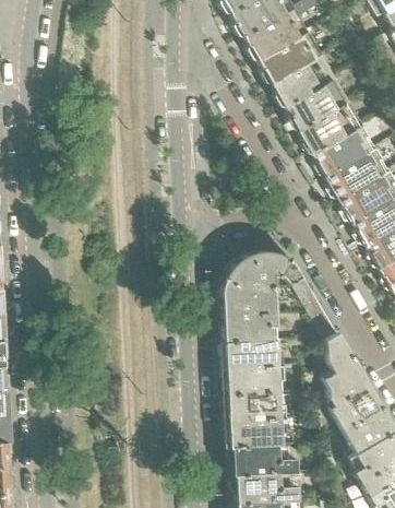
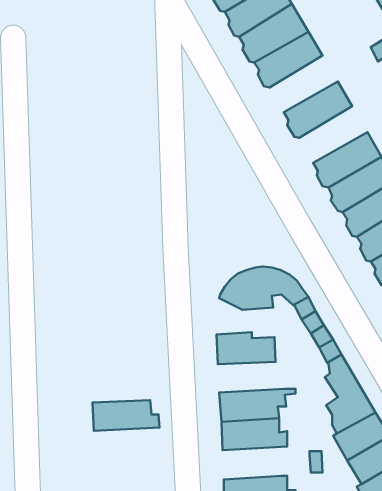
building: [273,55,336,107] -> none
building: [300,102,363,154] -> none
building: [223,280,277,317] -> none
building: [225,339,287,367] -> [93,400,160,431]
building: [229,417,290,448] -> none

